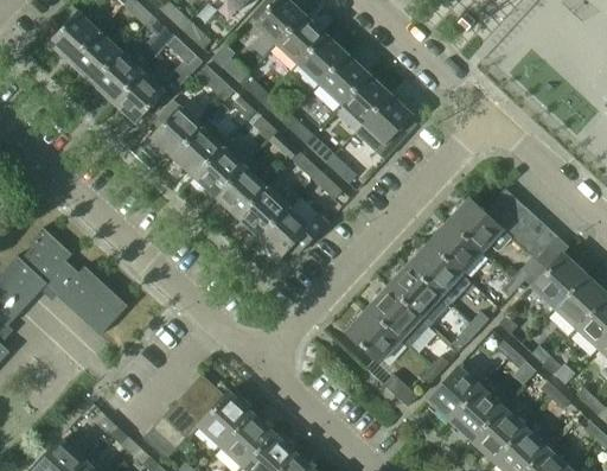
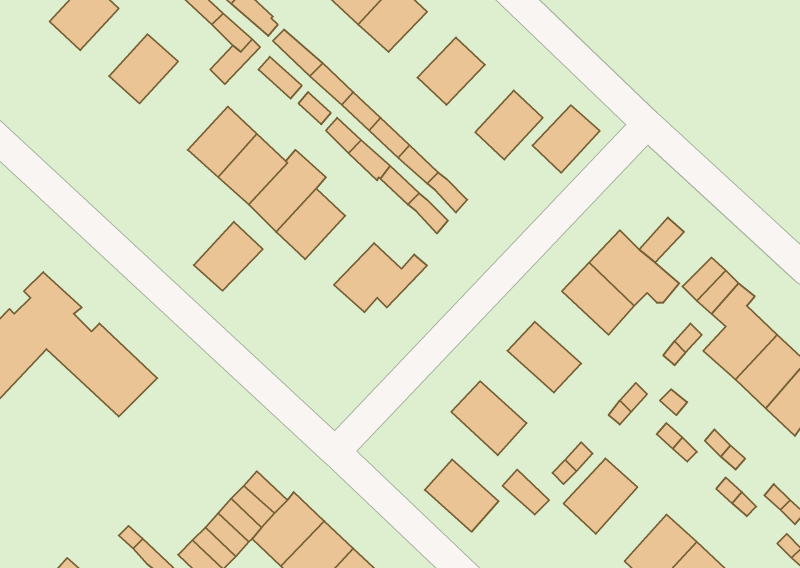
building: [71,34,121,84] -> none
building: [299,37,349,85] -> none
building: [115,74,166,126] -> none
building: [341,76,391,126] -> [532,105,600,173]
building: [237,187,288,238] -> [194,222,263,291]
building: [496,199,537,240] -> none
building: [407,243,461,297] -> none
building: [366,287,421,340] -> [425,459,499,532]
building: [452,388,504,443] -> none

